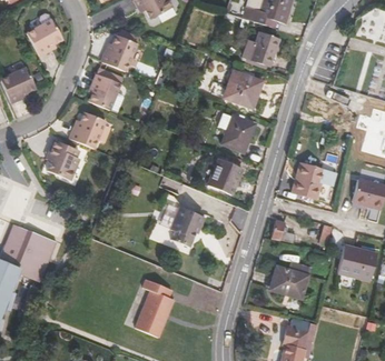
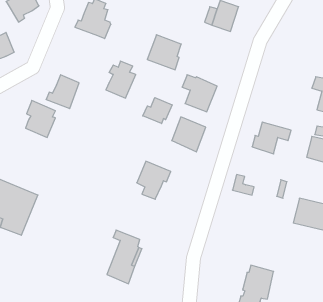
building: [89,69,121,109] -> [106,61,136,98]
building: [223,70,259,108] -> [147,35,181,70]
building: none -> [143,98,172,124]
building: [269,267,307,299] -> none

